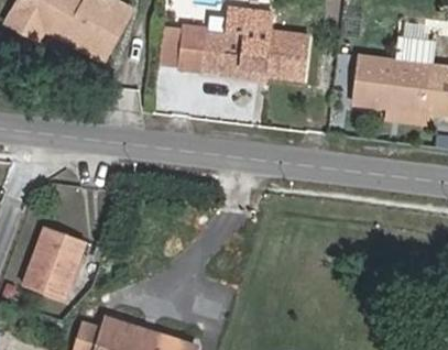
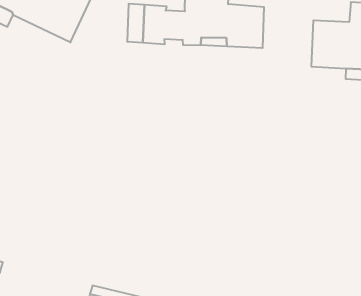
building: [23,227,85,299] -> none

